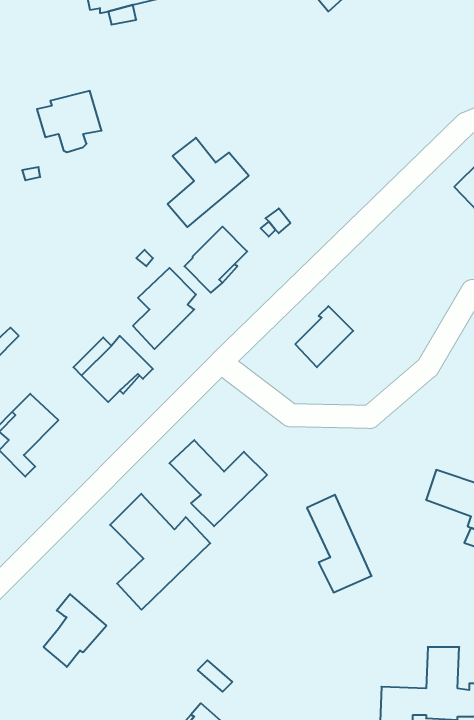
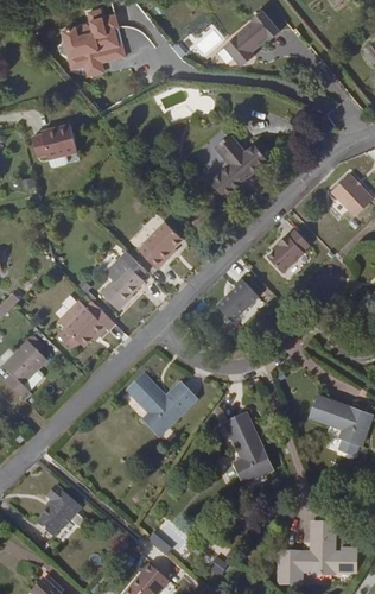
building: [168,138,249,227] -> [210,133,268,197]
building: none -> [266,230,309,273]
building: [110,494,210,610] -> none

